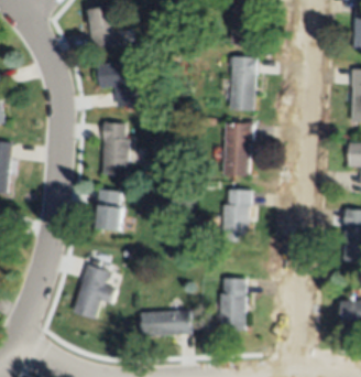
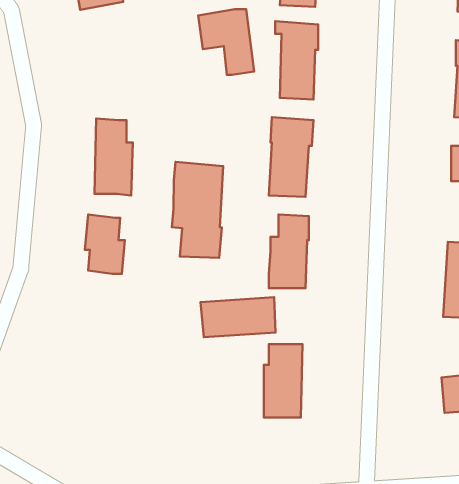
building: [97,61,135,106] -> [198,9,254,75]
building: none -> [172,162,223,258]
building: [73,265,116,317] -> none
building: [140,309,192,336] -> [200,297,276,337]

